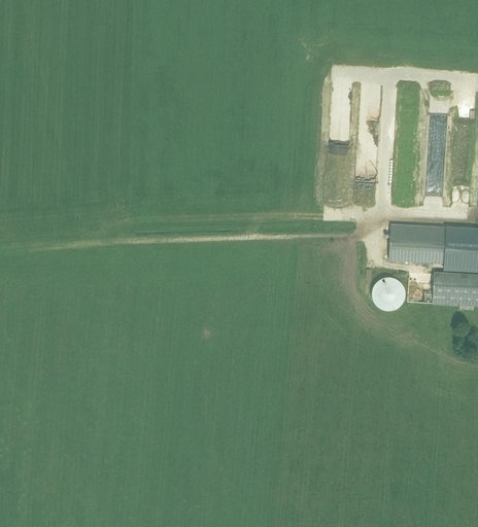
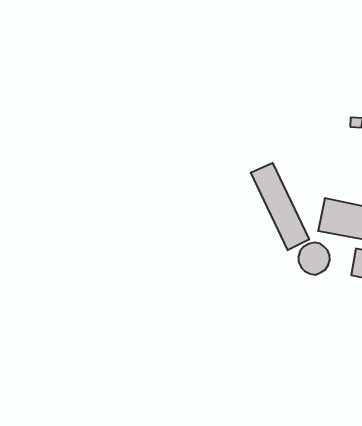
building: none -> [251,163,309,250]

